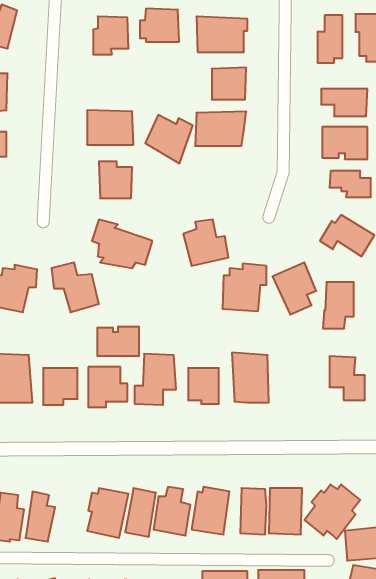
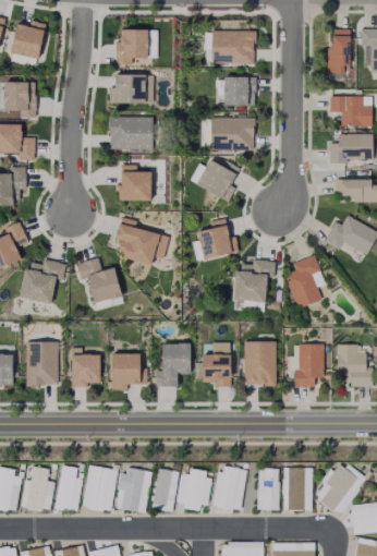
building: [140,9,179,42] -> [111,76,147,107]
building: [145,115,193,163] -> [198,158,242,203]
building: [323,282,354,328] -> [291,341,319,384]
building: [98,326,139,356] -> none
building: none -> [81,468,110,512]

